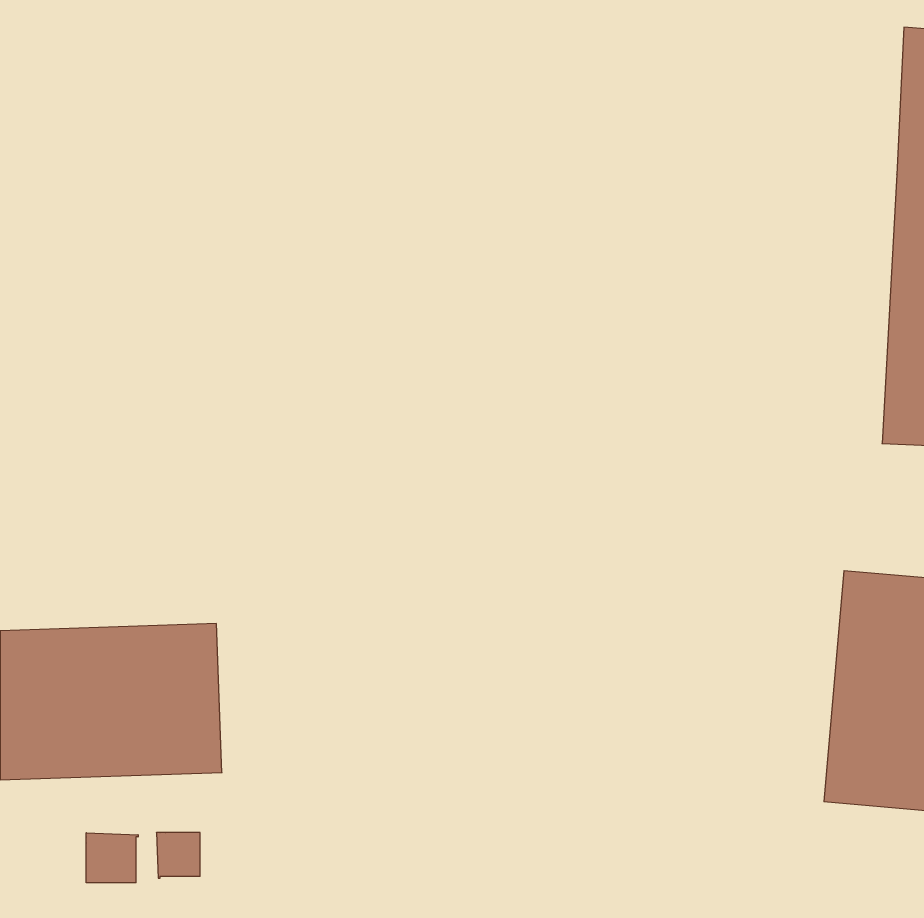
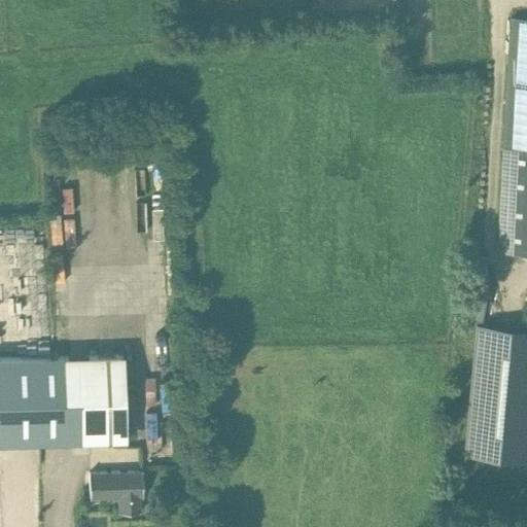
building: none -> [116,476,146,502]
building: [86,833,138,883] -> none

